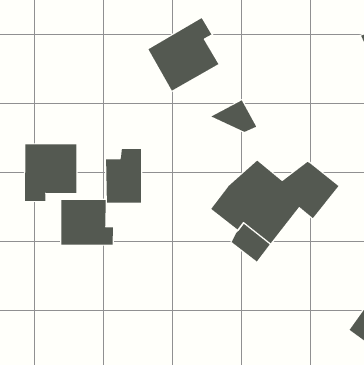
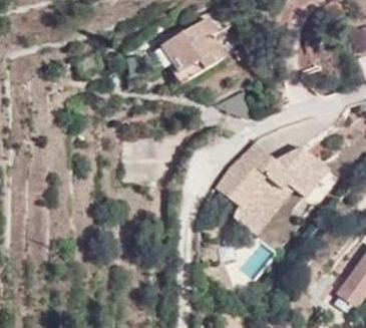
building: [24,144,77,202] -> none
building: [61,199,113,246] -> none

